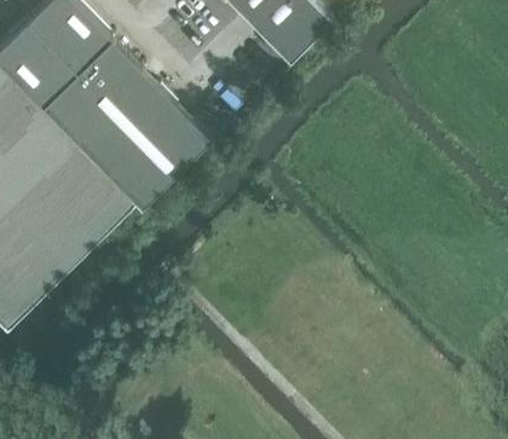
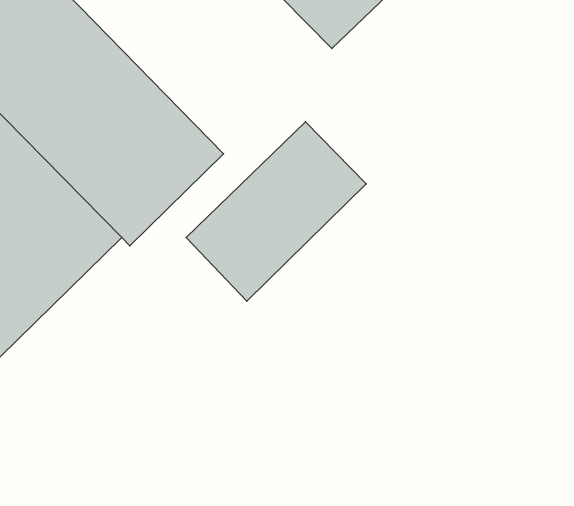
building: none -> [186,122,366,301]

